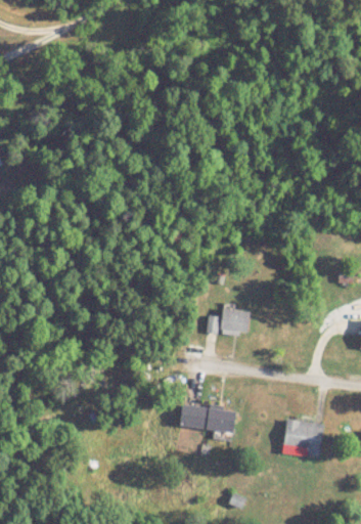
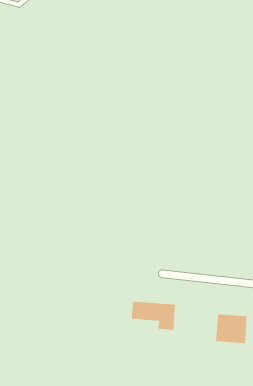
building: [220,306,251,335] -> none

